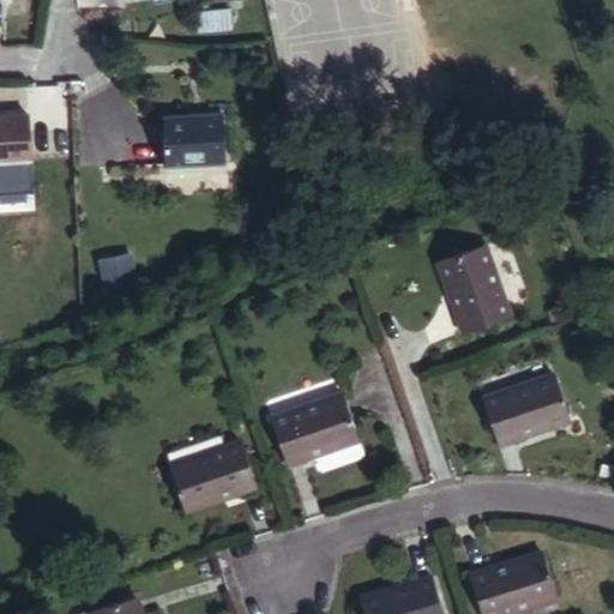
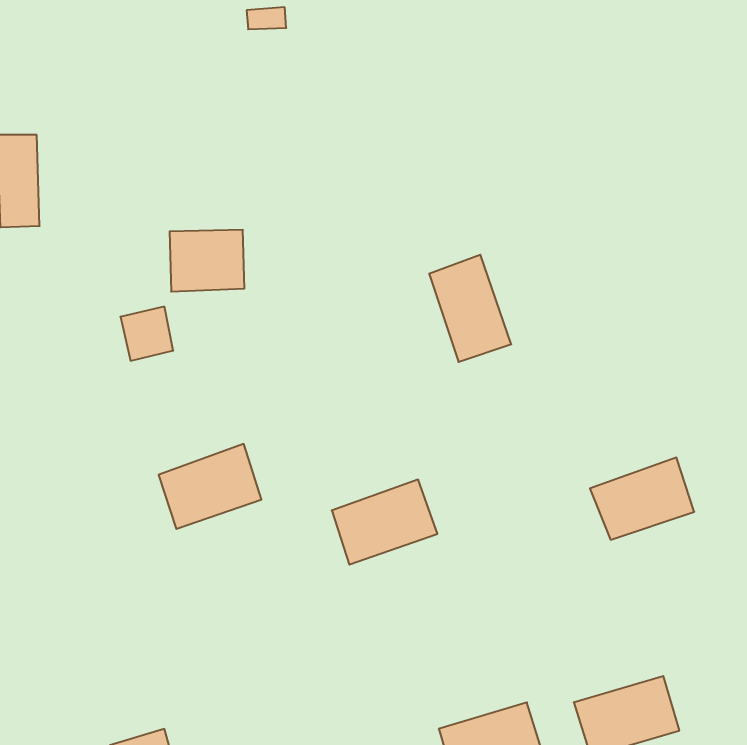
building: [168,113,229,163] -> [170,230,244,292]
building: [440,246,507,333] -> [429,255,511,362]
building: [169,443,253,512] -> [159,444,261,529]

